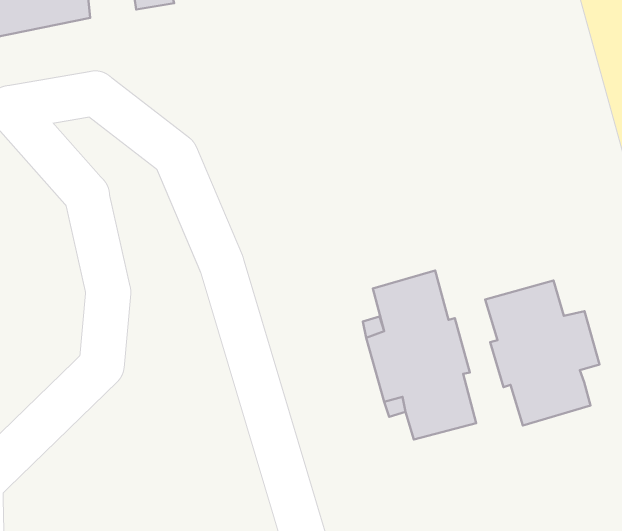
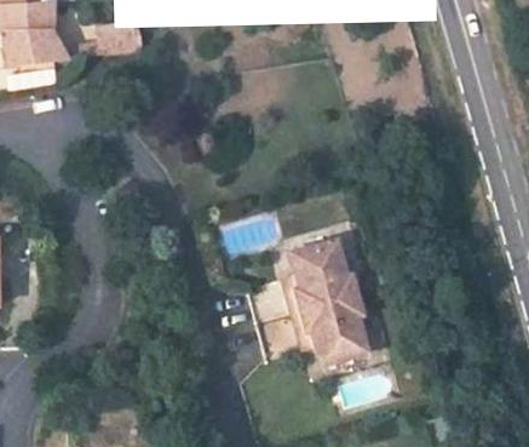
building: [485,281,600,426] -> none

